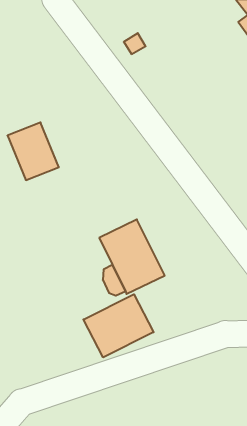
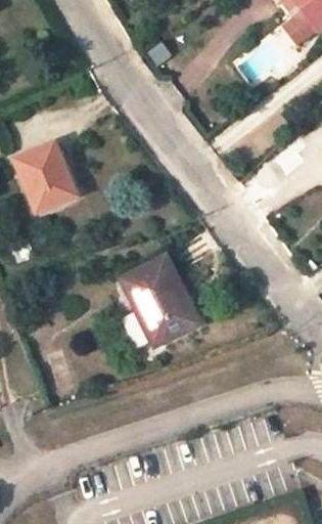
building: [83,294,154,357] -> none

